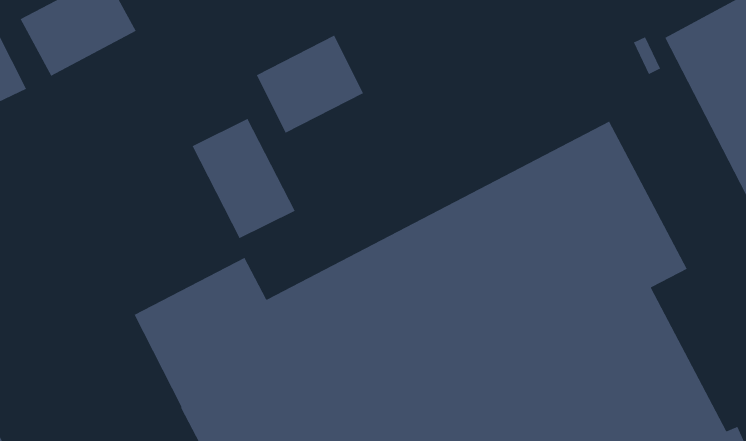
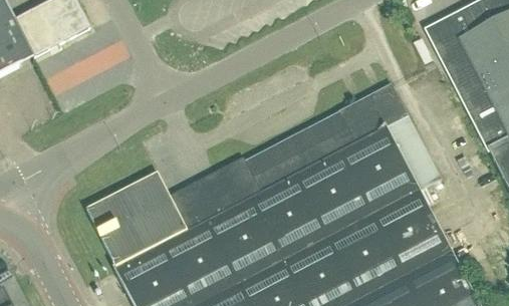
building: [256,34,364,134] -> none
building: [192,118,296,239] -> none

